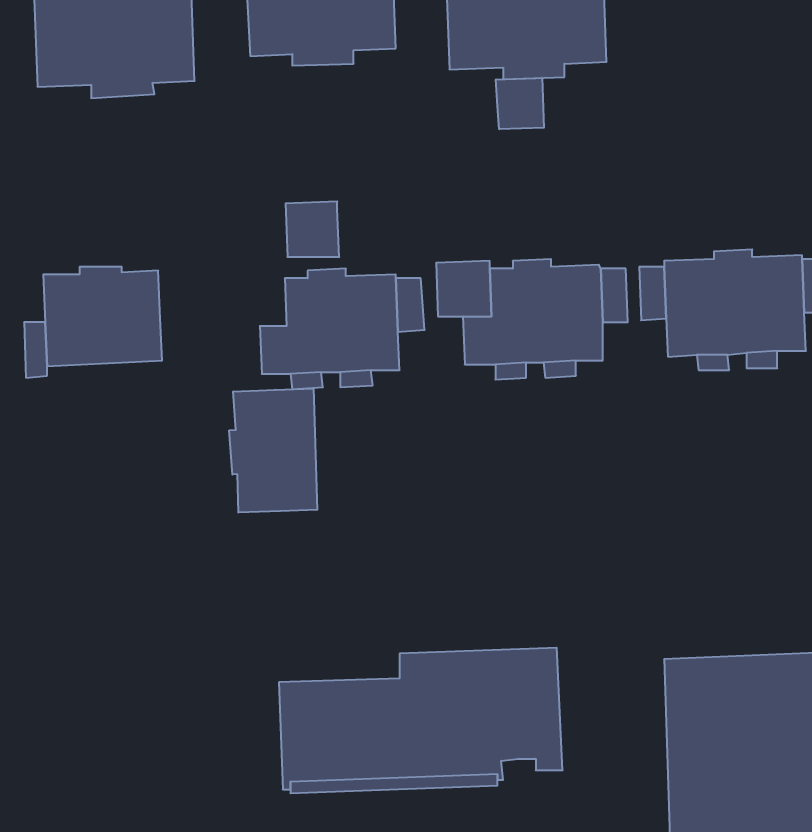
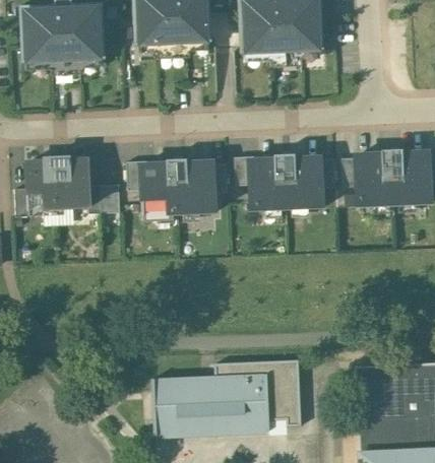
building: [496,78,544,129] -> none
building: [286,201,339,257] -> [127,159,156,189]
building: none -> [88,184,121,213]
building: [229,389,317,513] -> none

